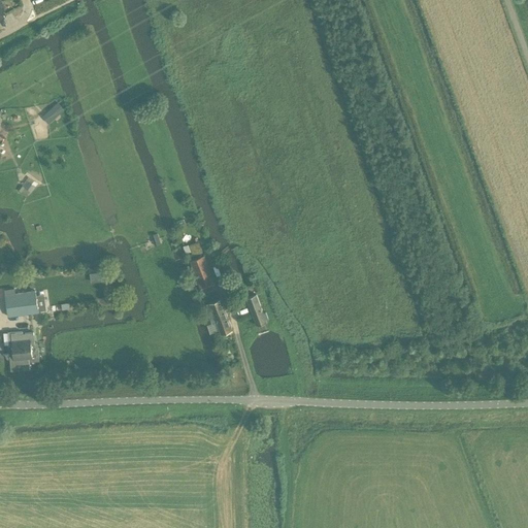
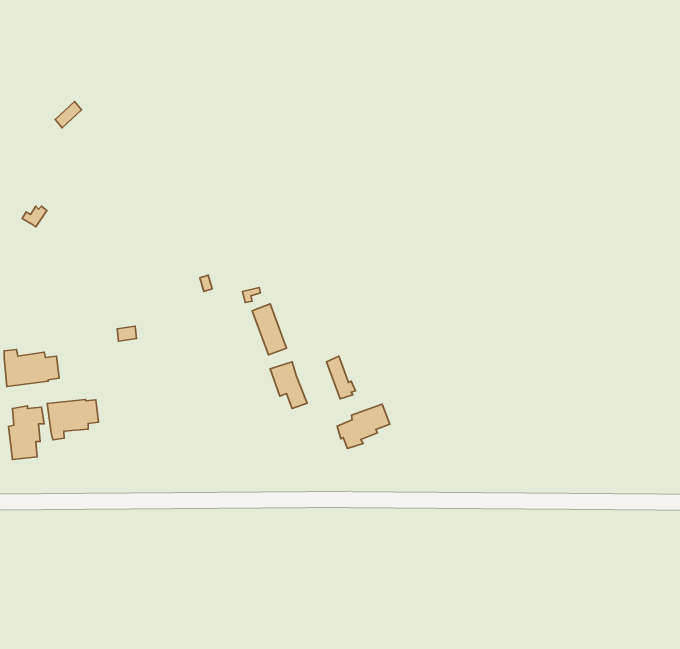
building: none -> [47,400,99,440]
building: none -> [337,404,390,449]

